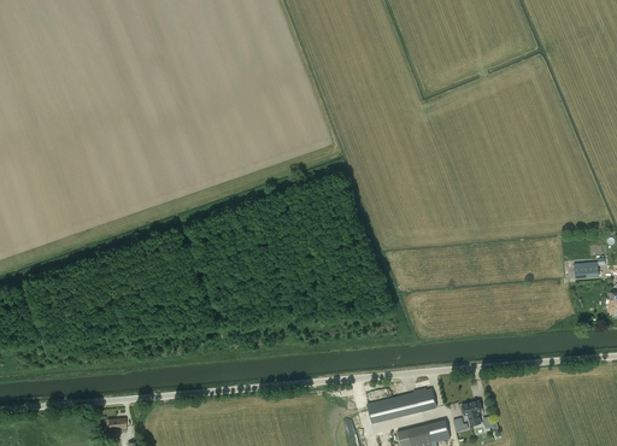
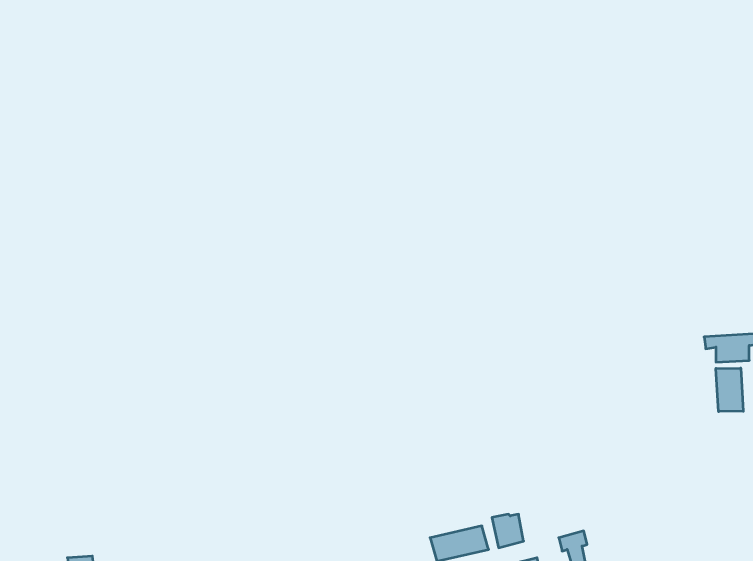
building: none -> [716,368,743,412]

